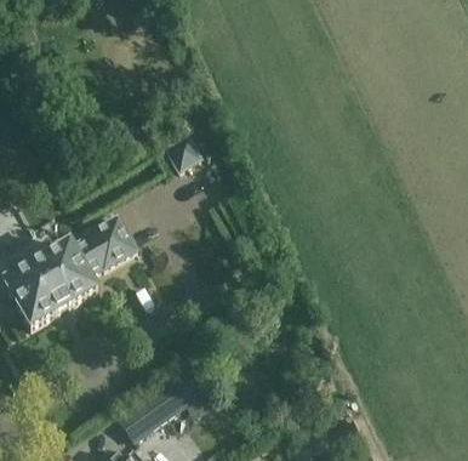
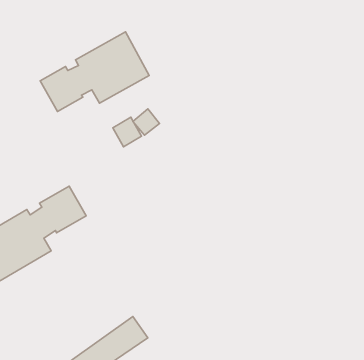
building: none -> [40,32,149,112]

